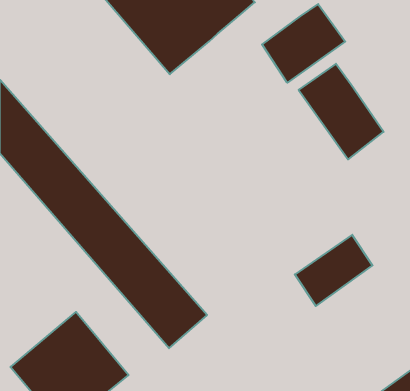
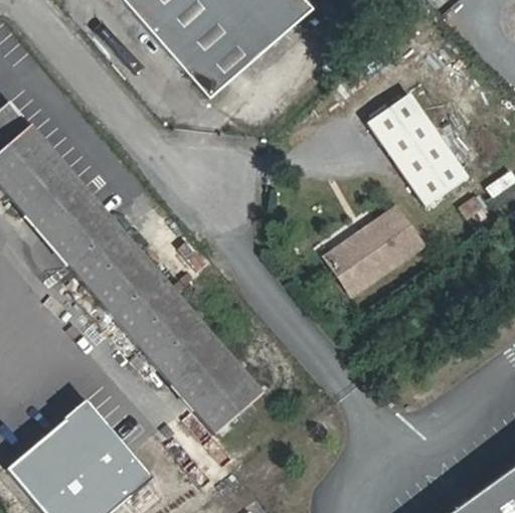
building: [262,4,345,83] -> none
building: [295,235,373,306] -> [334,200,431,289]

